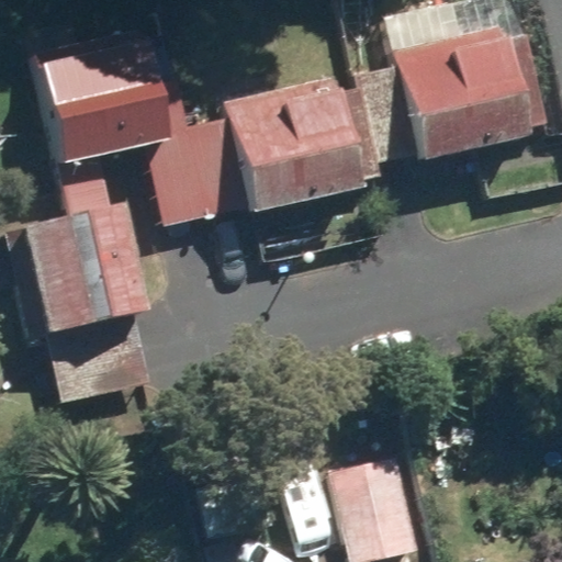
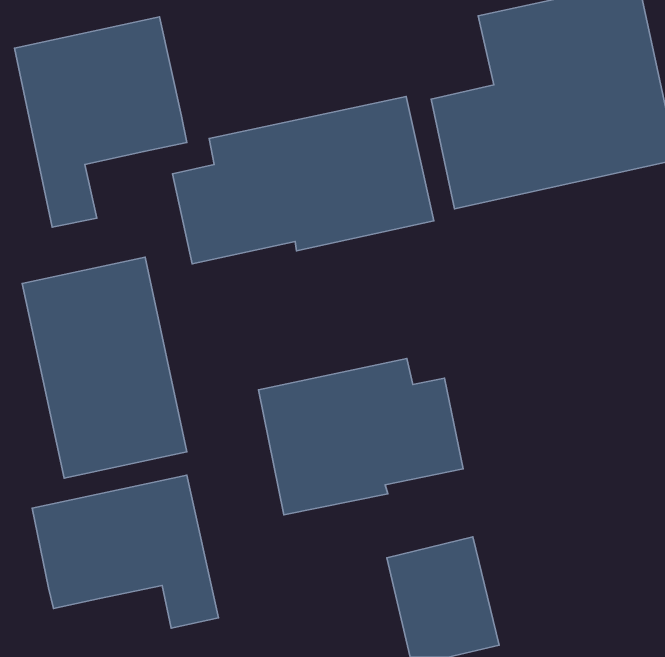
building: none -> [258,358,463,515]
building: none -> [32,475,218,628]

